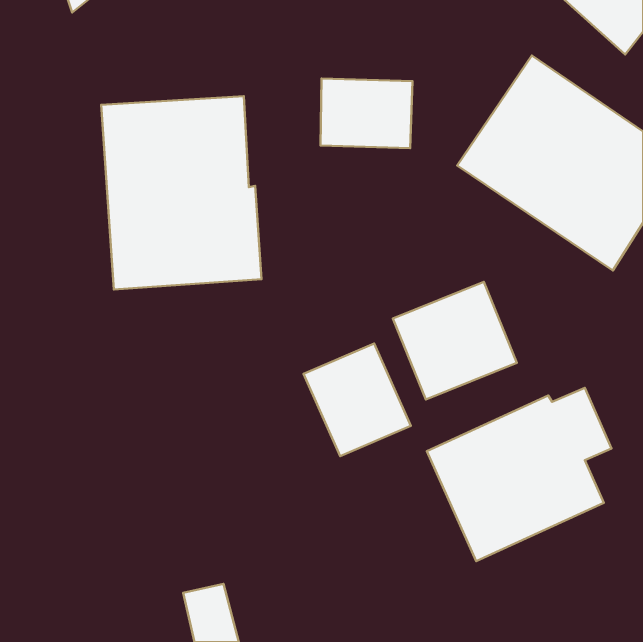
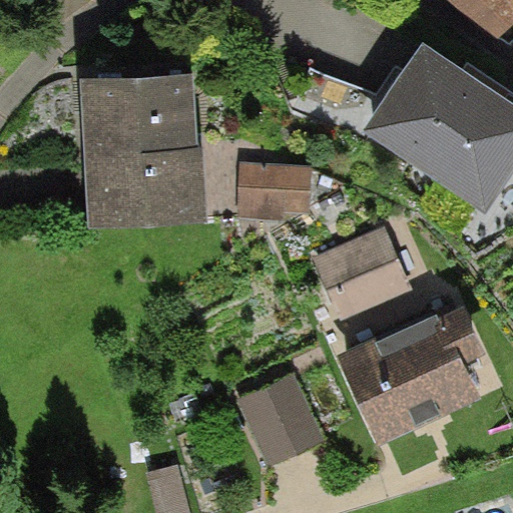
building: [320,79,413,148] -> [237,161,311,216]
building: [304,344,411,456] -> [236,375,322,464]

